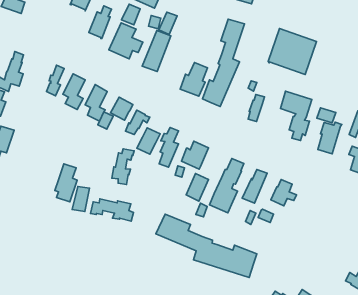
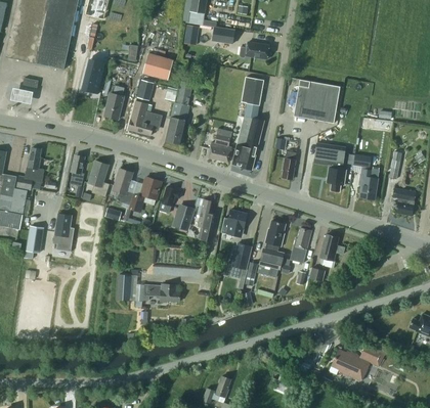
building: [112,149,134,184] -> none
building: [55,164,77,202] -> [53,214,75,252]
building: [156,214,257,278] -> none

